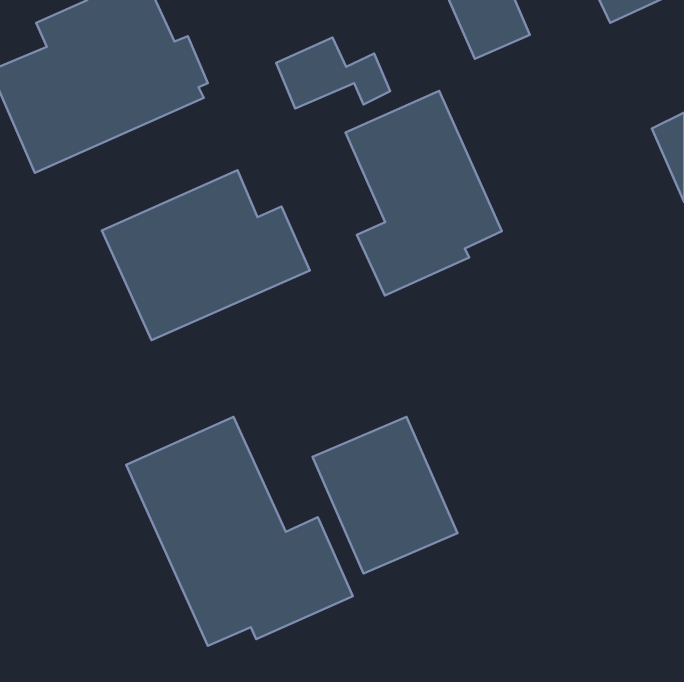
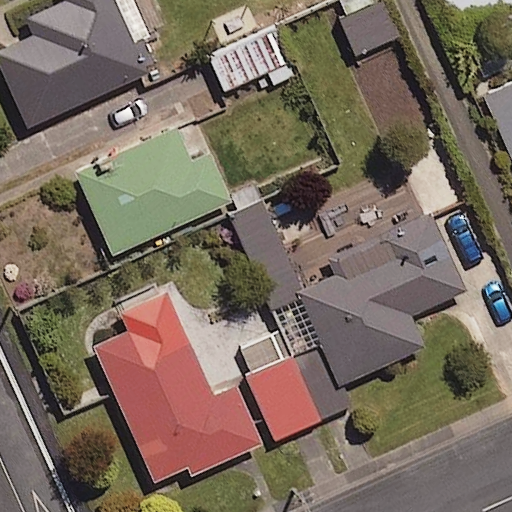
building: [345,91,502,296] -> none
building: none -> [298,213,466,385]

